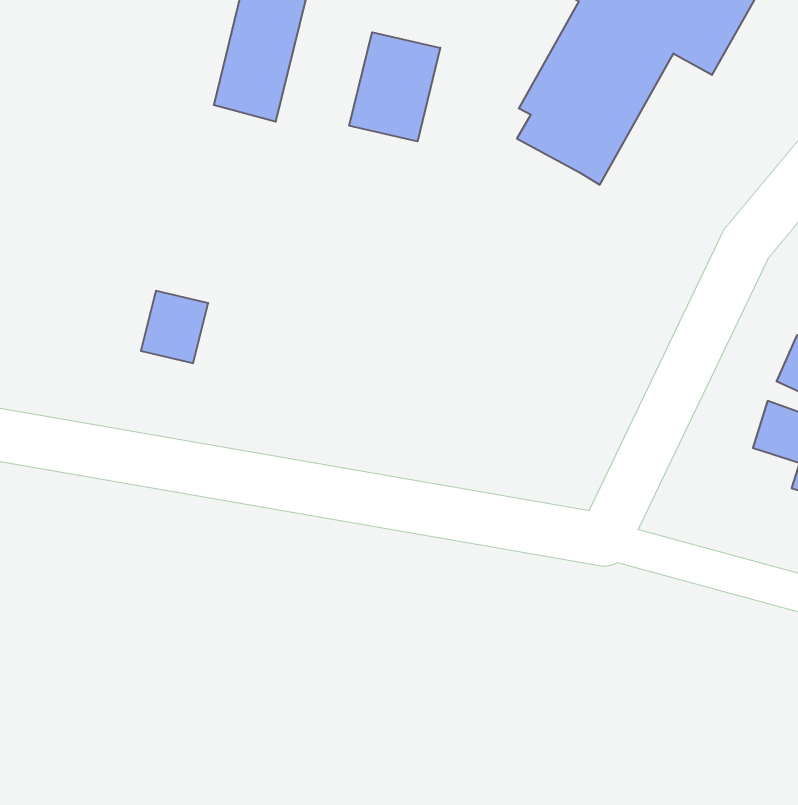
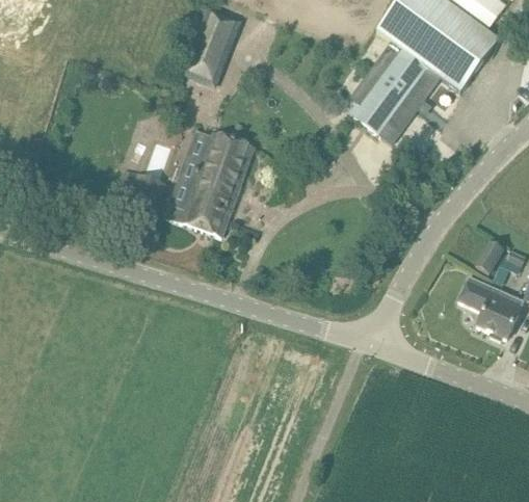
building: [349,32,440,141] -> none
building: none -> [165,131,254,237]

